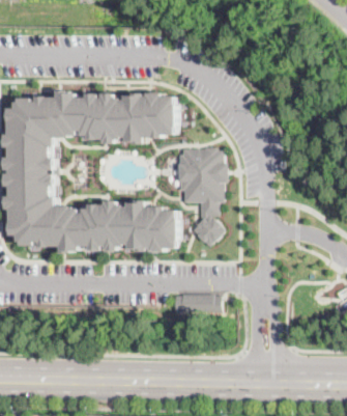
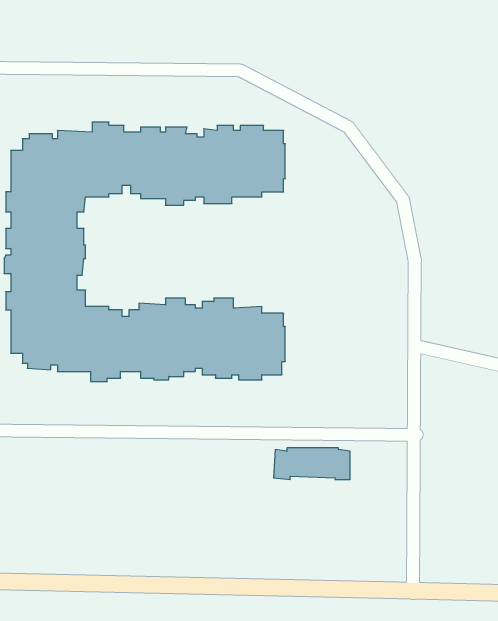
building: [178,147,227,246] -> none

